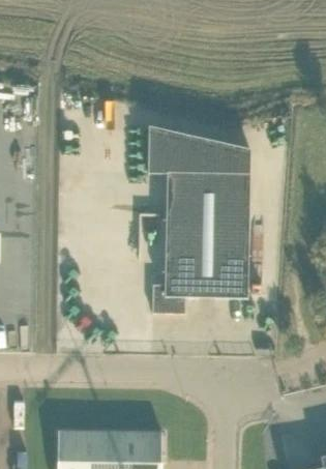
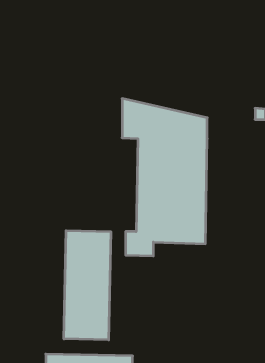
building: none -> [64,231,111,340]

